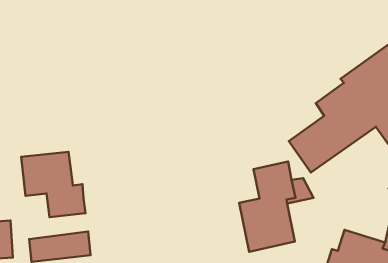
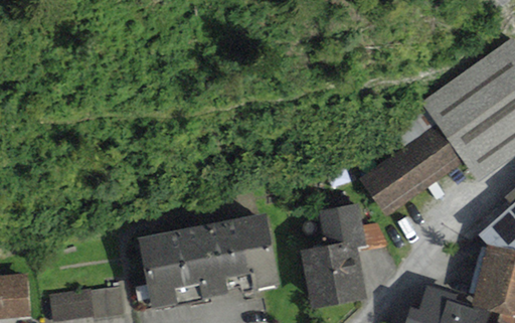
building: [21,152,86,217] -> none
building: none -> [138,212,281,310]

